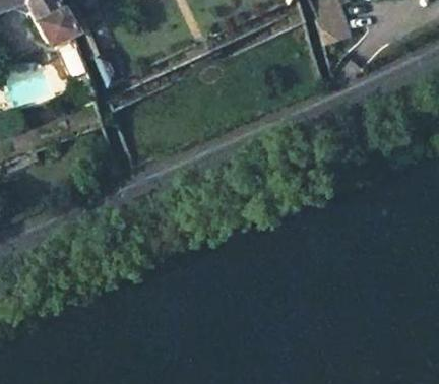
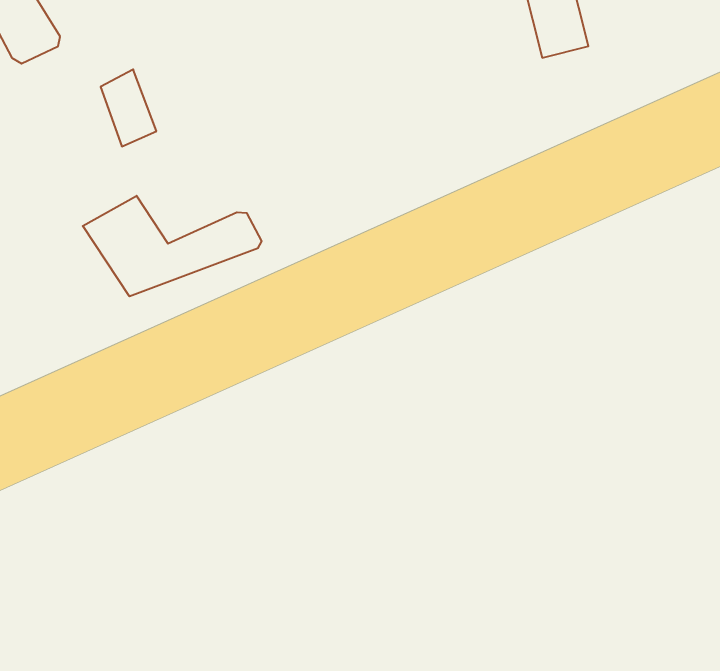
building: none -> [83,196,262,296]

